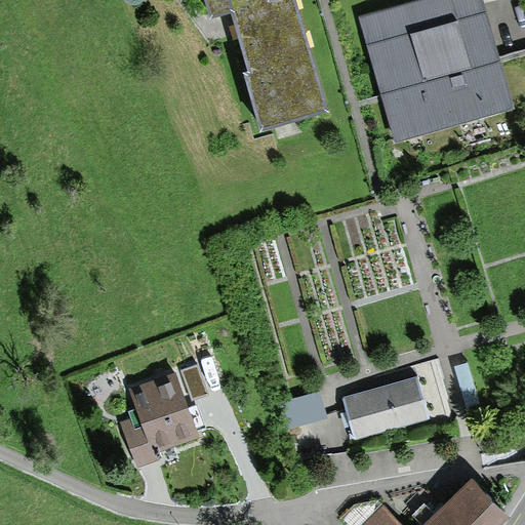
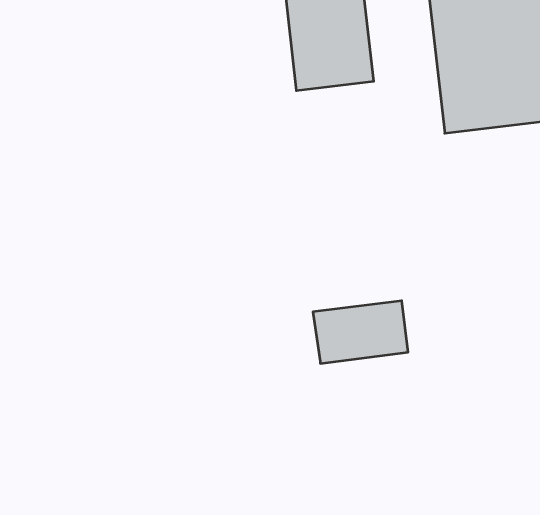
building: [119,372,198,473] -> none
building: [341,375,427,439] -> [313,301,408,363]

